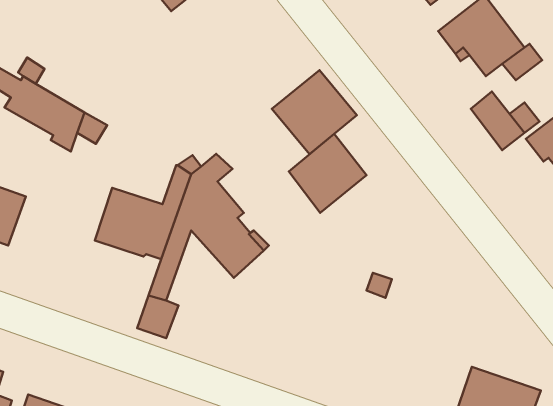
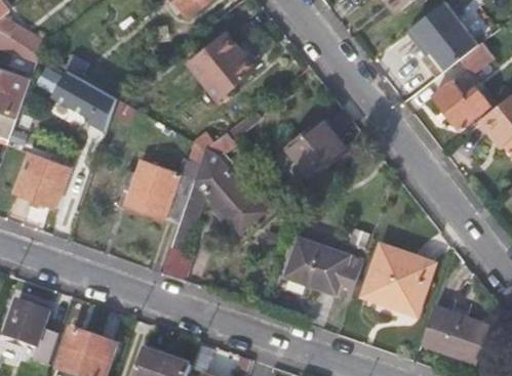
building: [272,70,357,154] -> [186,30,255,98]
building: none -> [284,236,362,299]
building: none -> [364,242,433,312]

